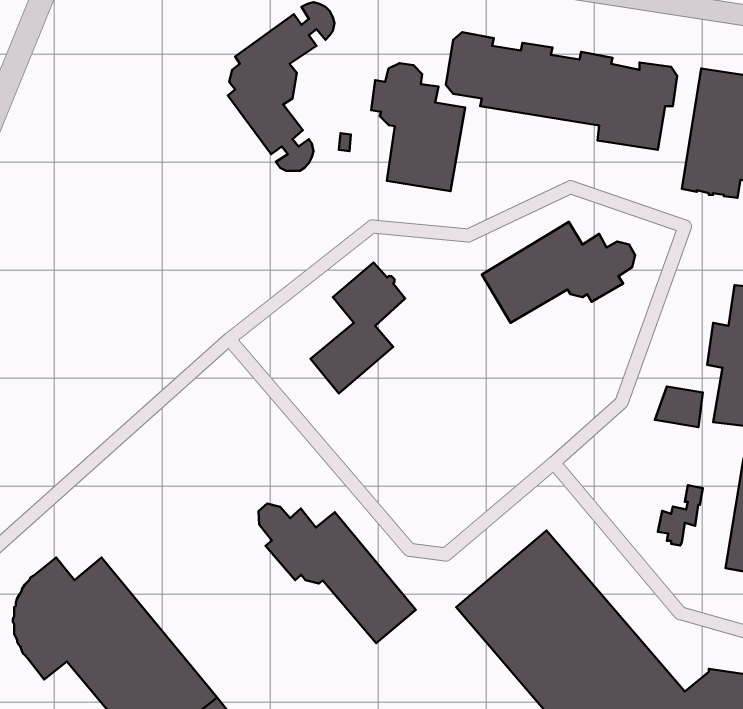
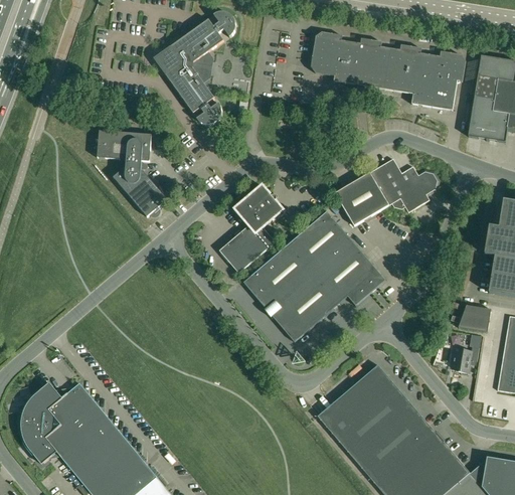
building: [371,63,465,191] -> none
building: none -> [91,130,167,217]
building: none -> [243,210,385,341]
building: [655,387,703,427] -> [458,305,490,332]
building: [259,504,416,643] -> none

